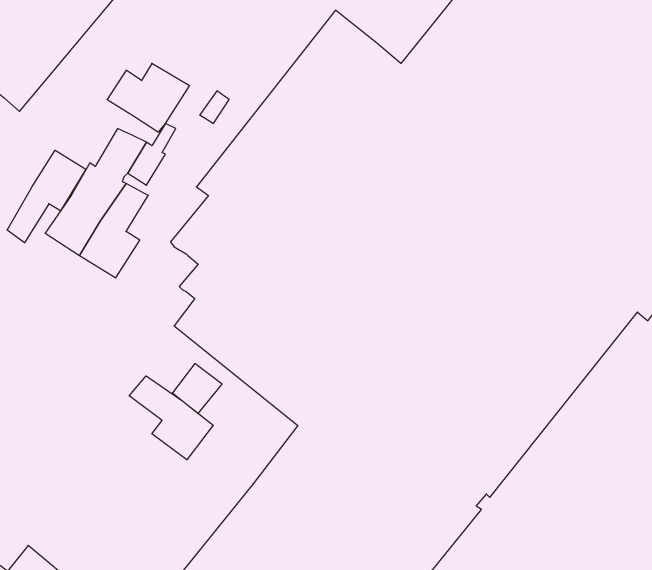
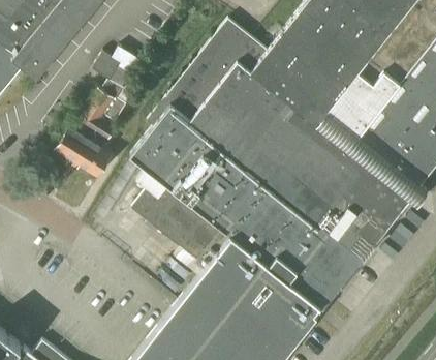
building: [7,150,86,243] -> none
building: [129,376,213,460] -> none

